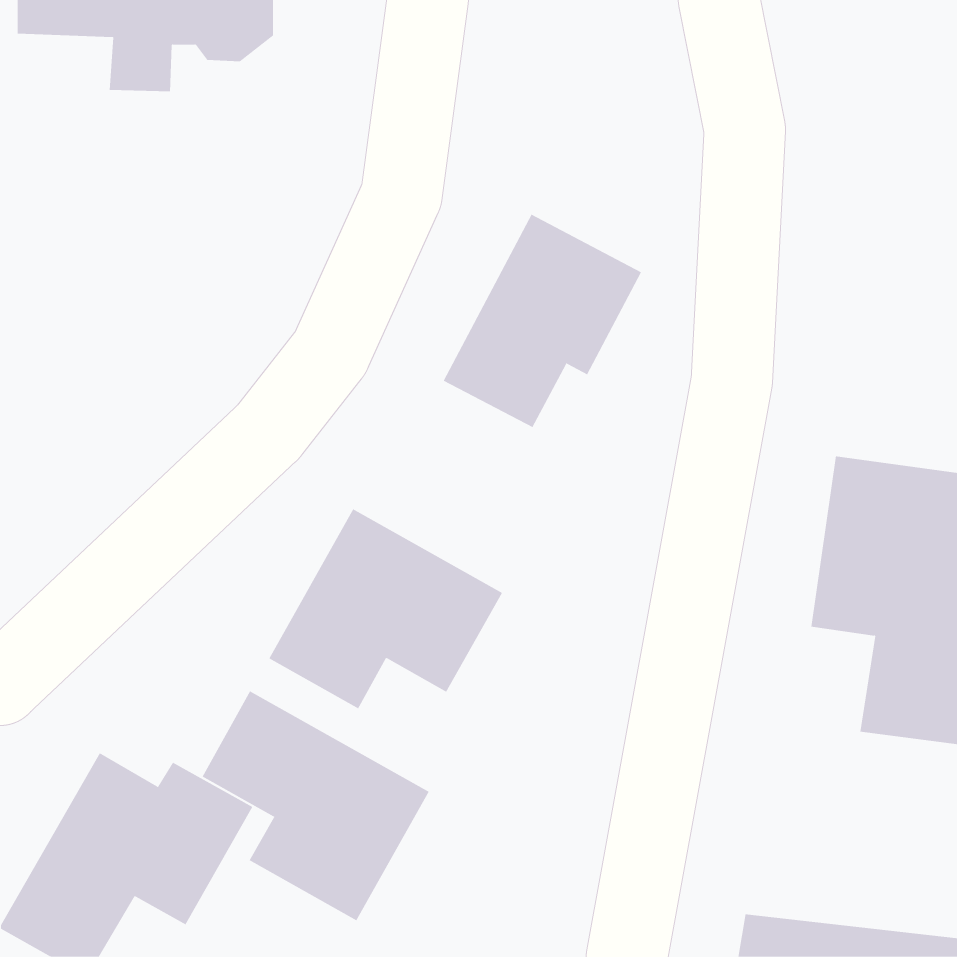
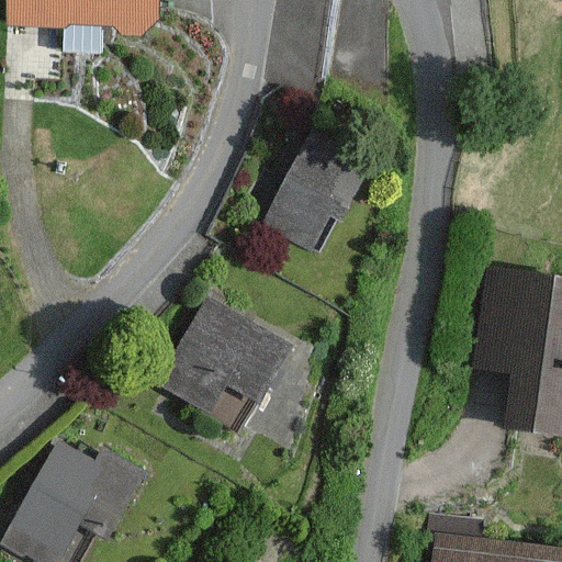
building: [202,690,430,921] -> none

